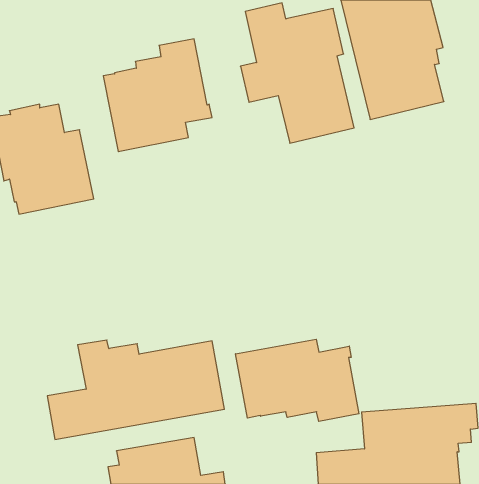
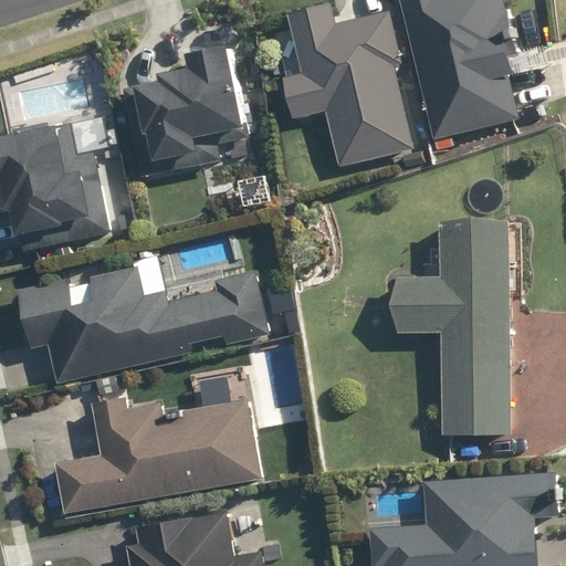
building: none -> [396,220,510,436]
building: none -> [17,265,269,384]
building: [236,339,359,421] -> none

